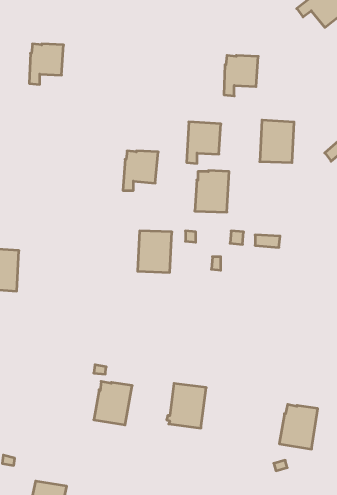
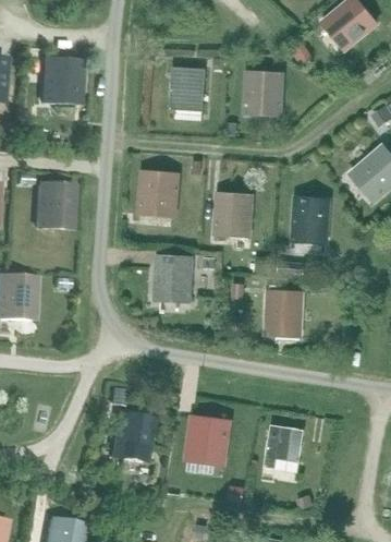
building: [260,120,294,163] -> [295,196,331,241]
building: [187,122,221,163] -> [172,65,208,109]
building: none -> [38,183,74,226]
building: none -> [269,285,305,335]
building: [279,404,318,449] -> [266,424,306,471]

